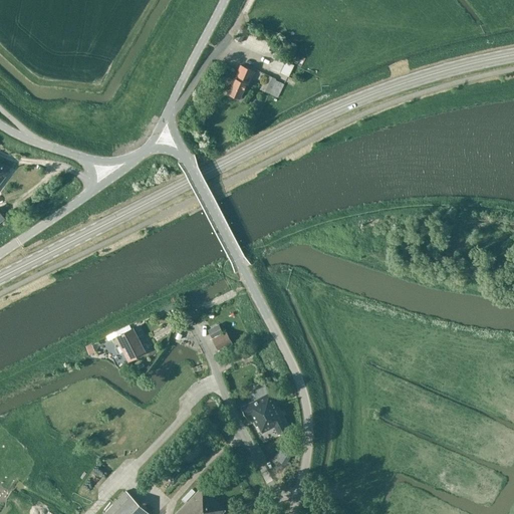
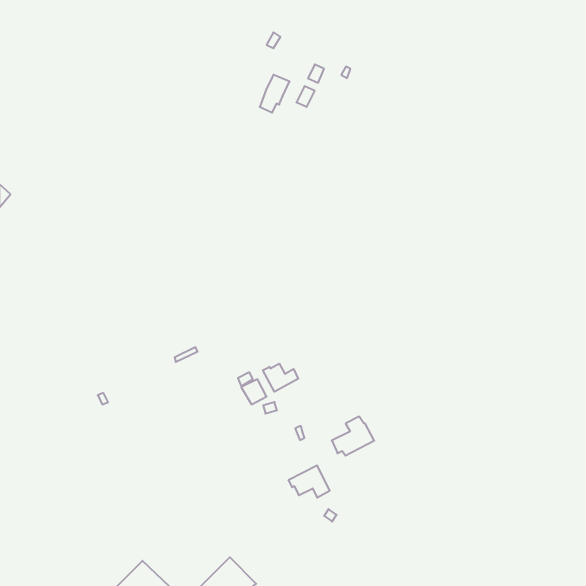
building: none -> [263,364,298,392]
building: [114,328,144,360] -> none
building: [240,387,277,421] -> [332,417,374,456]

